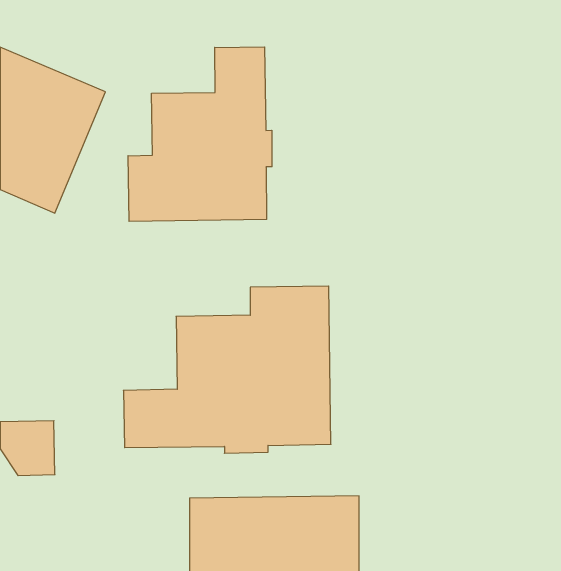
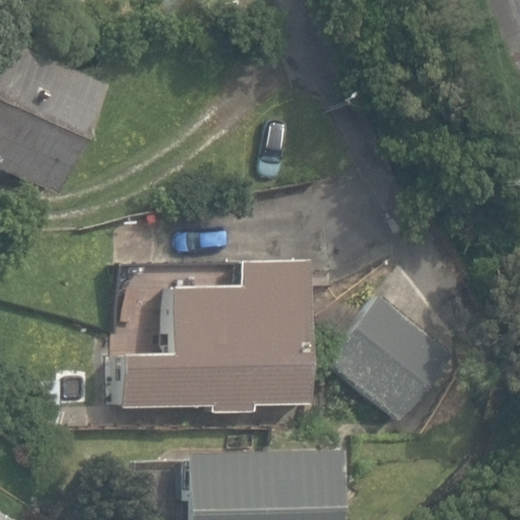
building: [128,47,272,221] -> none
building: none -> [329,297,455,421]

